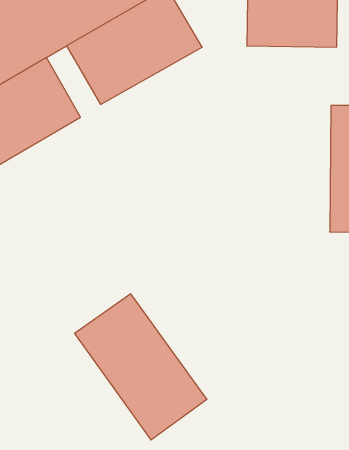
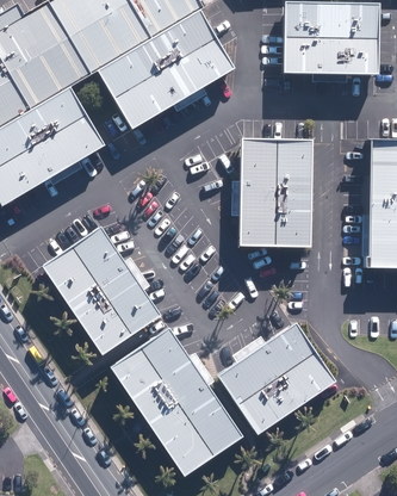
building: none -> [241,140,318,250]
building: none -> [37,224,156,353]
building: none -> [218,321,333,429]

